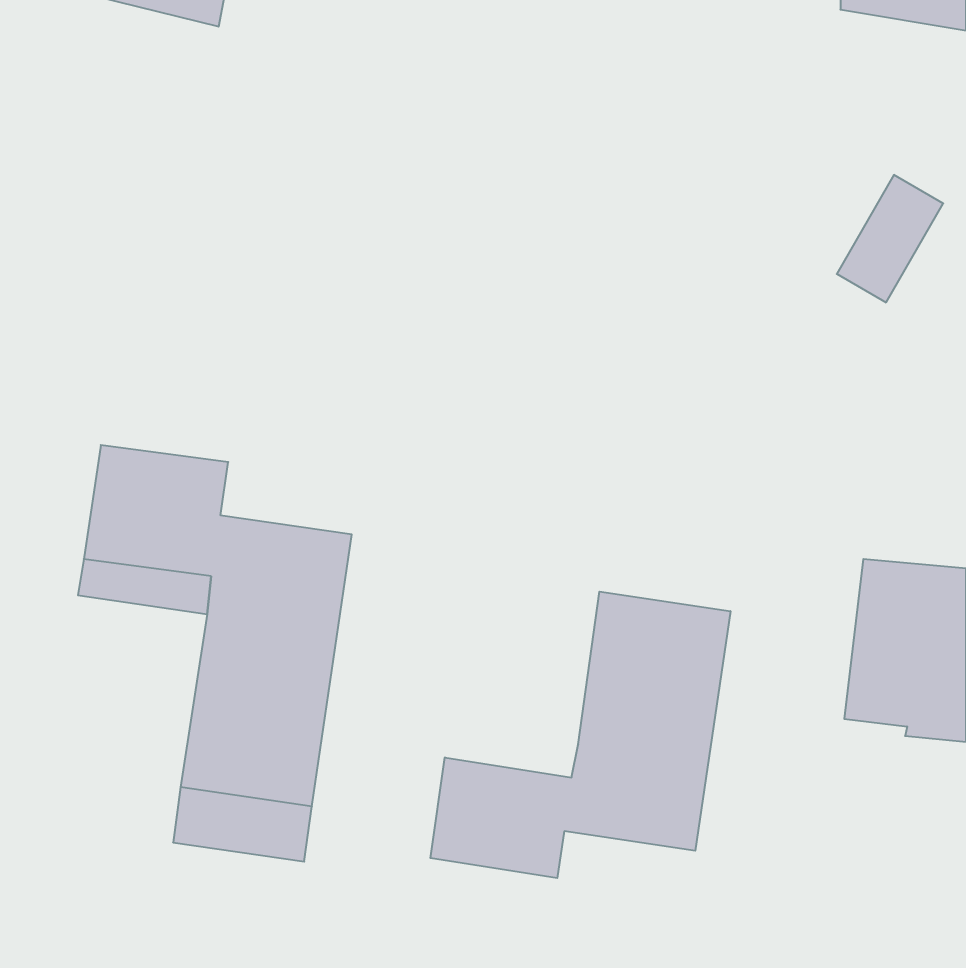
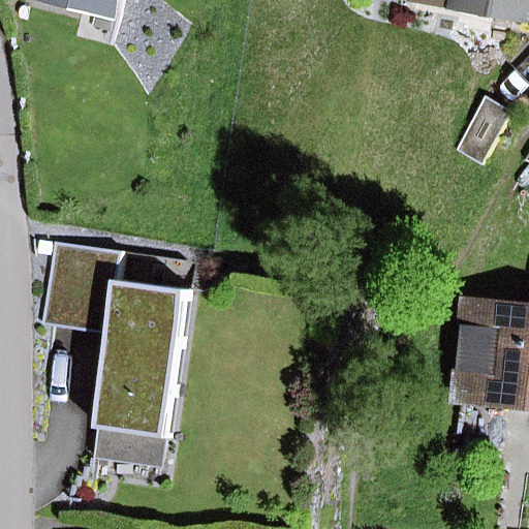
building: [430,592,730,878] -> none

